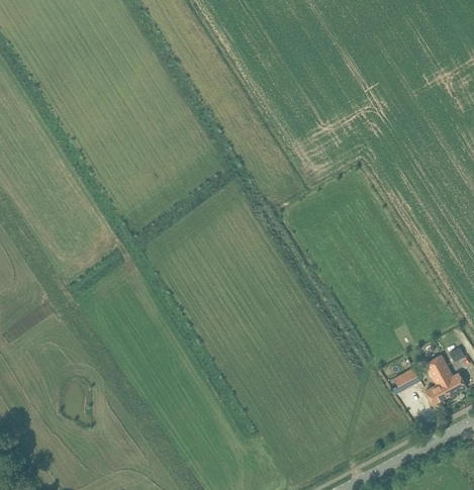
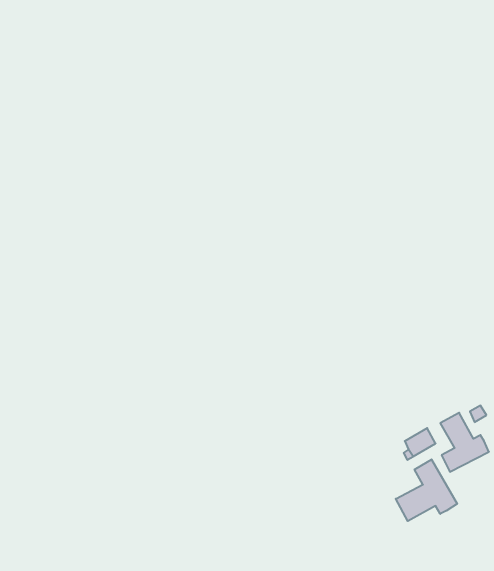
building: none -> [396,459,457,521]

